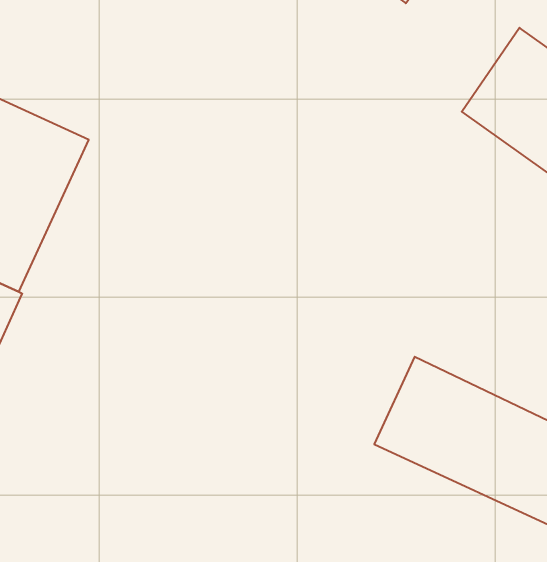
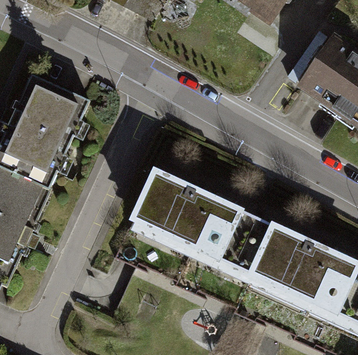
building: none -> [130,173,273,276]

